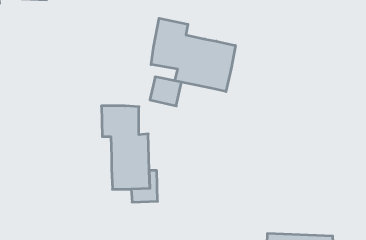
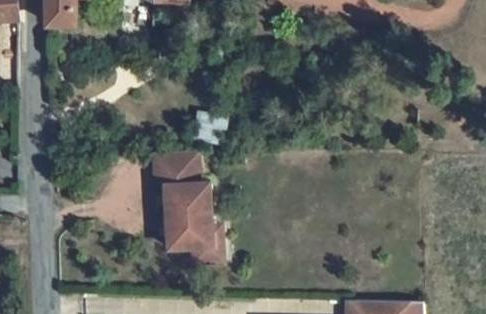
building: [151,18,235,92] -> none

